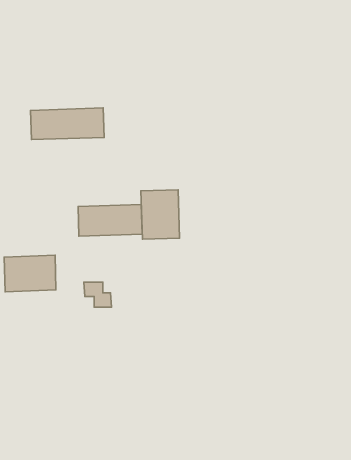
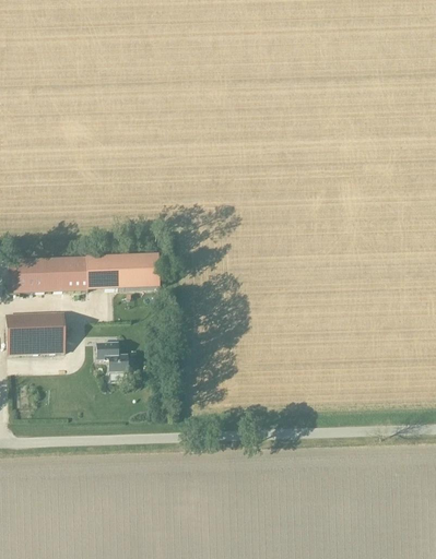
building: [30,108,104,139] -> [8,255,92,292]
building: [141,190,180,239] -> none

